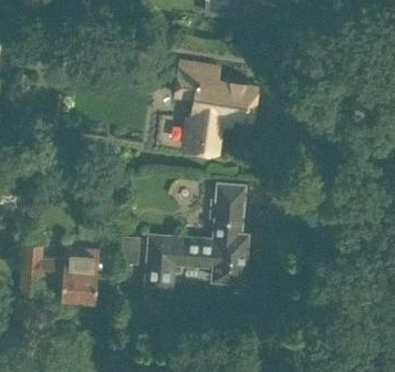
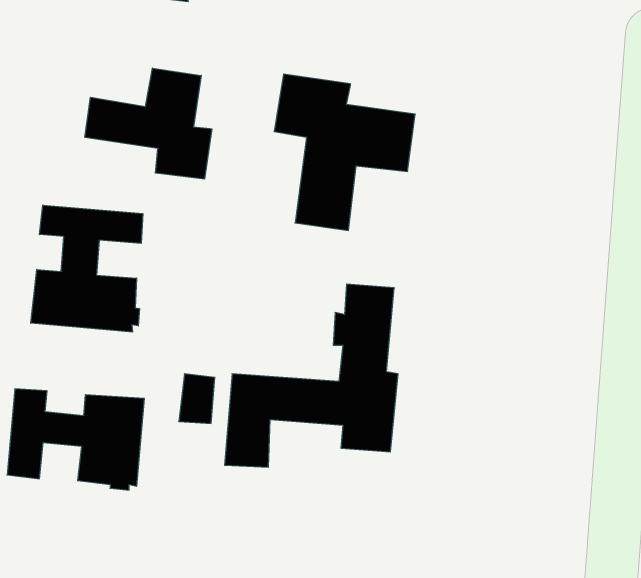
building: none -> [85,68,212,179]
building: none -> [31,205,143,332]

